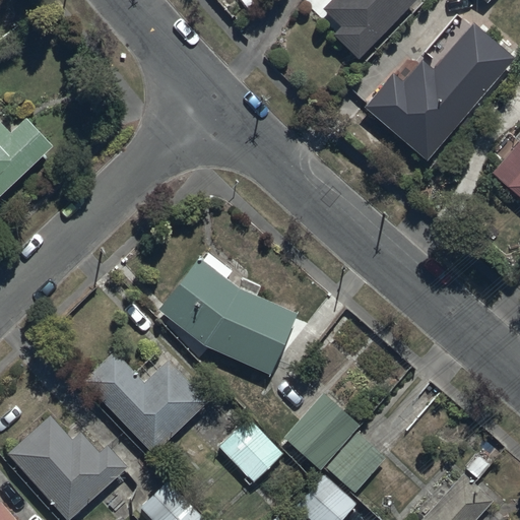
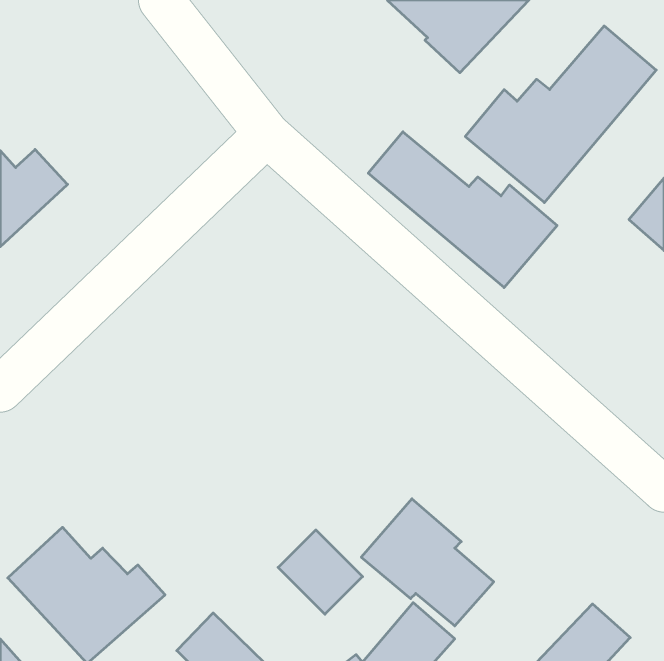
building: none -> [368,132,557,288]
building: [160,253,298,376] -> none
building: [82,349,207,454] -> none

